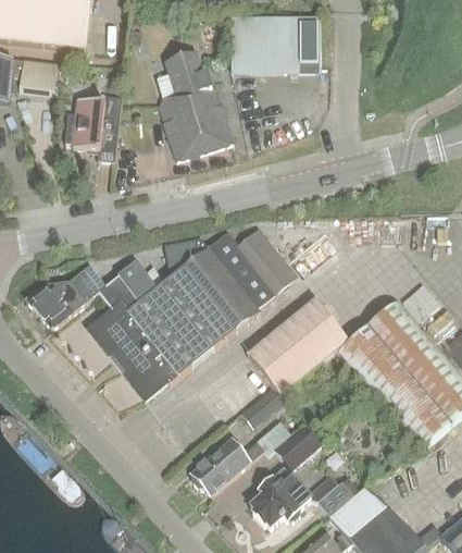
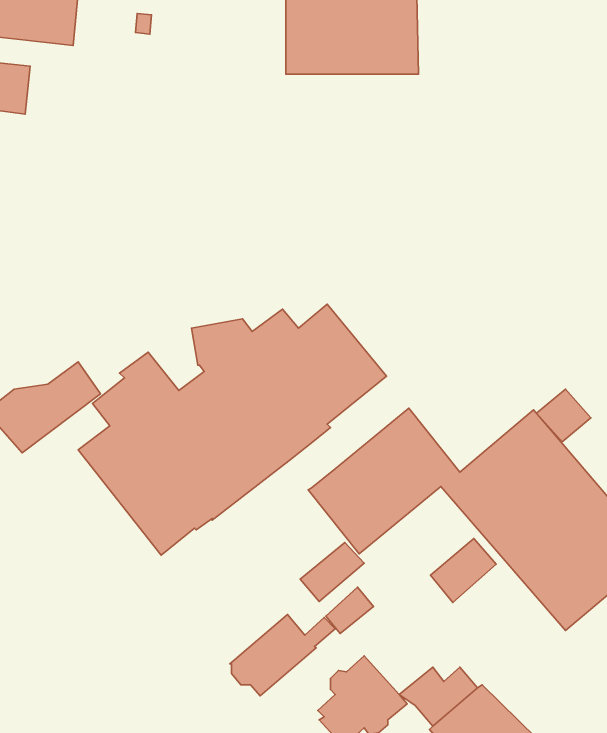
building: [160,50,234,157] -> none
building: [64,95,122,162] -> none
building: [275,427,320,470] -> [431,539,496,603]

